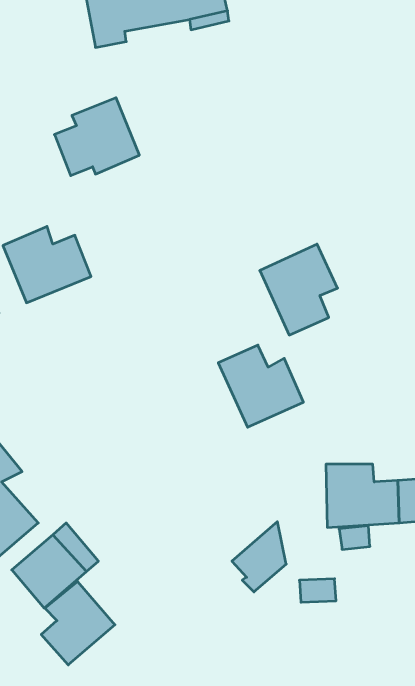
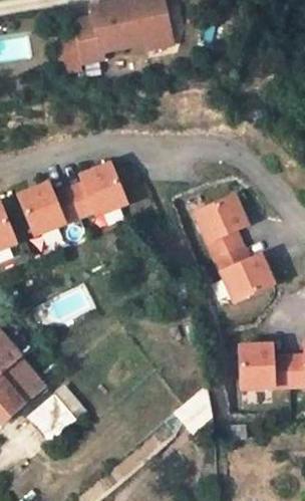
building: [54,98,139,176] -> [68,164,126,217]
building: [218,345,303,427] -> [215,245,273,301]
building: [41,581,115,665] -> none

